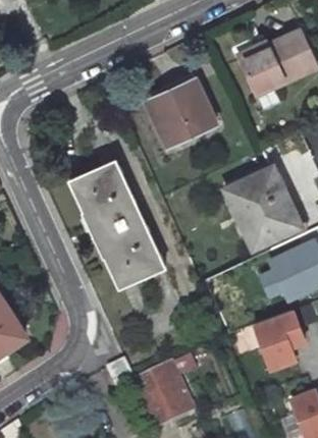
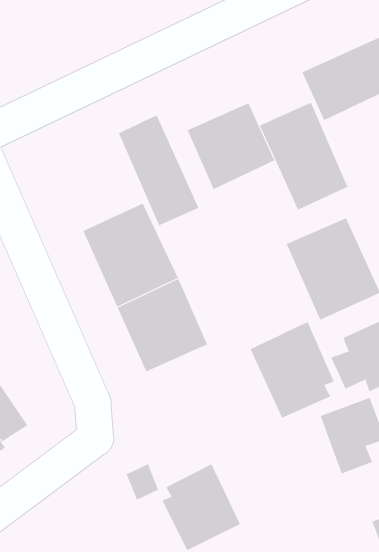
building: none -> [259,102,348,210]
building: none -> [118,115,199,226]
building: none -> [250,321,335,419]

